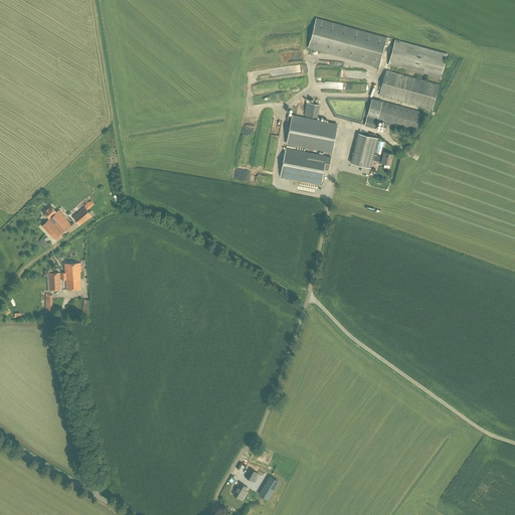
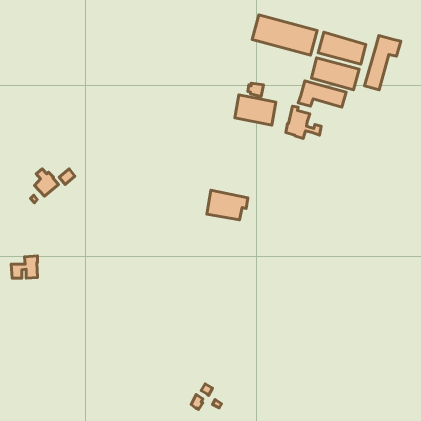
building: none -> [365,35,401,90]
building: [281,148,331,184] -> [207,190,248,220]
building: [48,263,80,290] -> [11,256,38,278]

